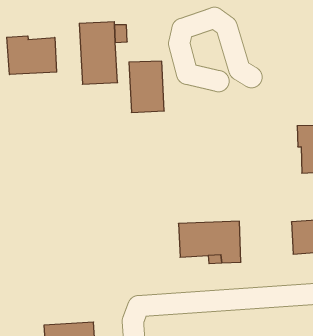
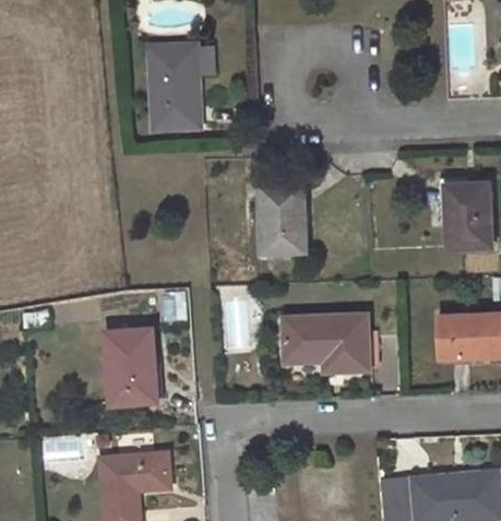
building: [7,36,57,75] -> none
building: [129,61,164,112] -> [258,186,306,256]
building: none -> [105,329,157,405]

